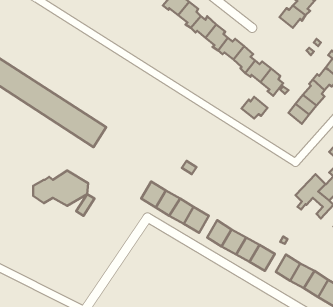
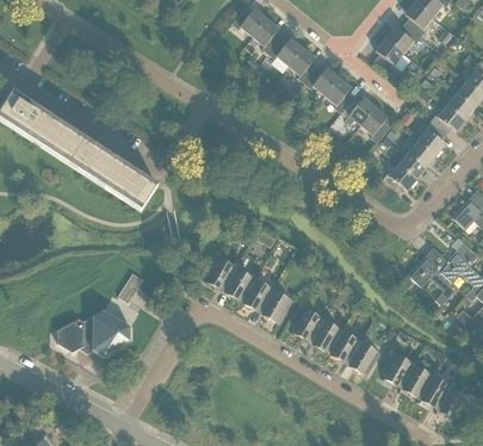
building: none -> [374,38,404,73]
building: [241,97,268,119] -> [382,165,416,193]
building: [33,171,88,206] -> [58,309,131,355]

